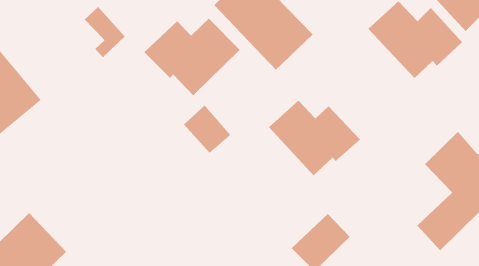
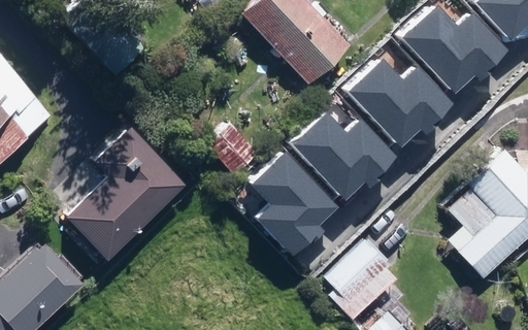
building: [144,18,241,96] -> none
building: none -> [353,63,454,146]
building: none -> [68,121,183,250]
building: none -> [255,154,338,257]

